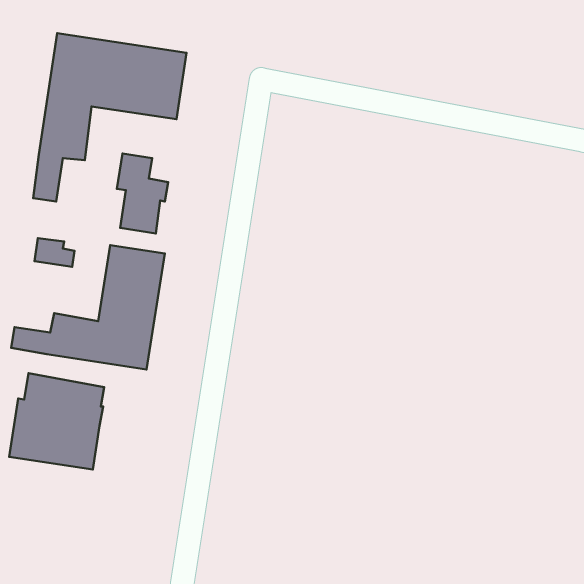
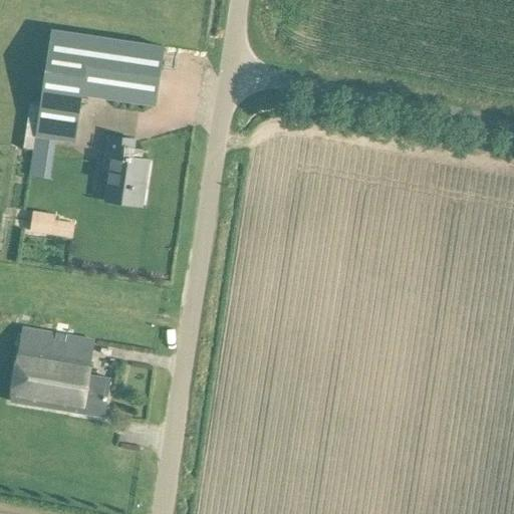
building: [11,245,165,370] -> none
building: none -> [81,373,108,416]

